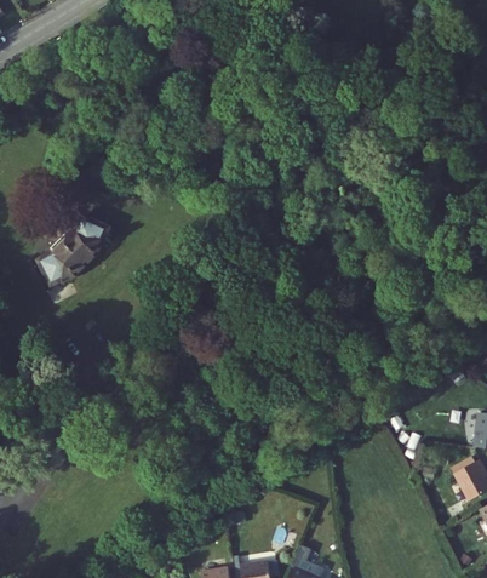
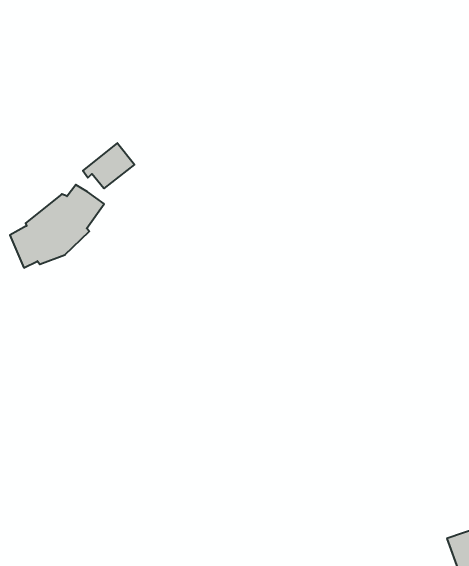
building: none -> [83,143,134,188]

